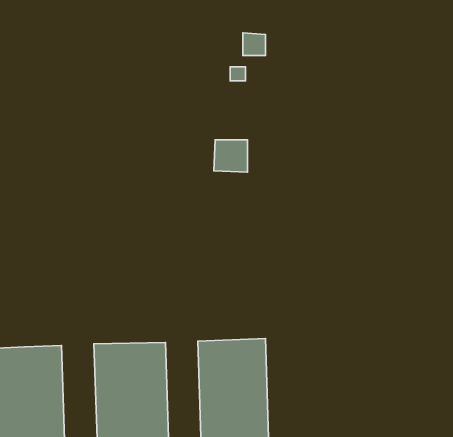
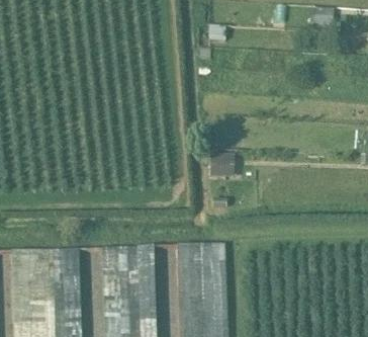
building: [214,140,247,172] -> [211,153,236,176]

